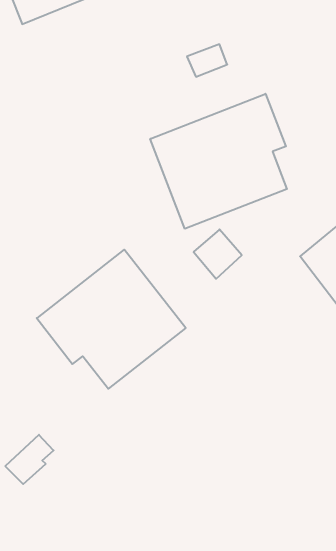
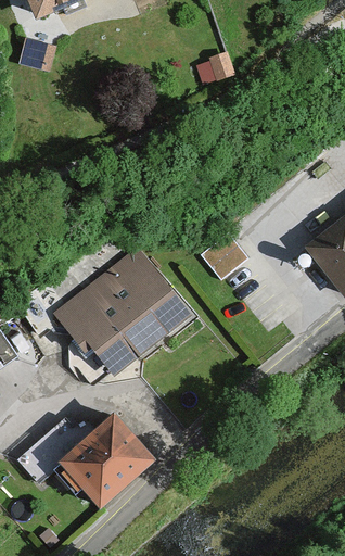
building: [150,94,287,229] -> none
building: none -> [58,406,154,502]

